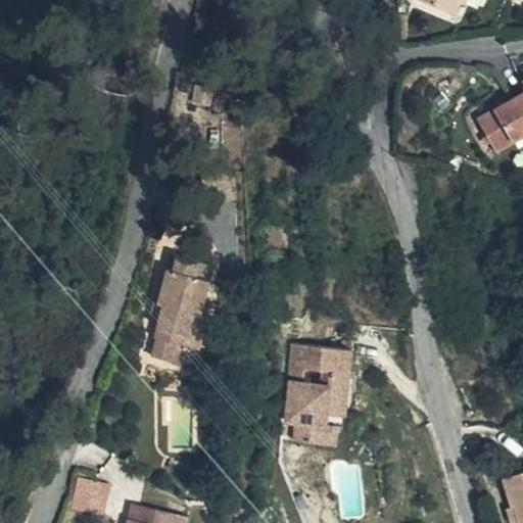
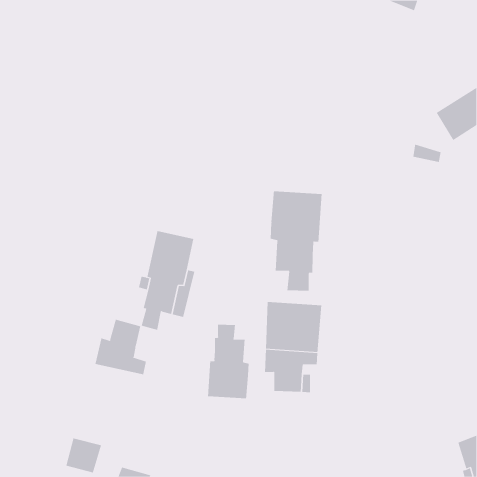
building: none -> [270,191,322,292]
building: none -> [95,319,147,375]
building: none -> [207,324,249,399]

